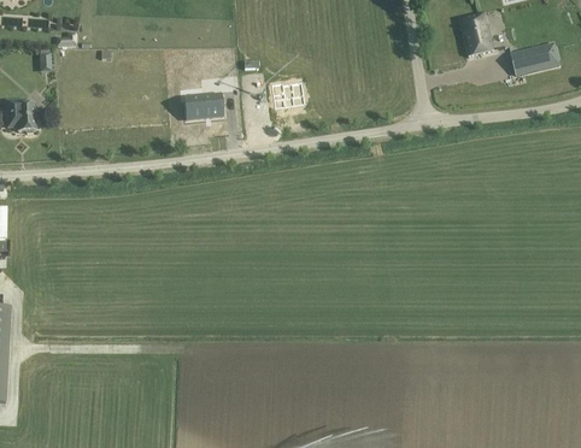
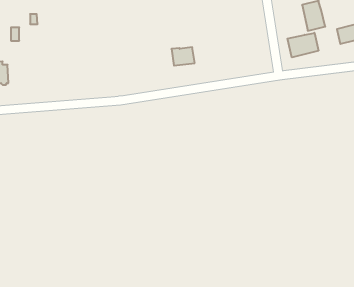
building: none -> [287,33,318,57]
building: [182,98,218,119] -> none

